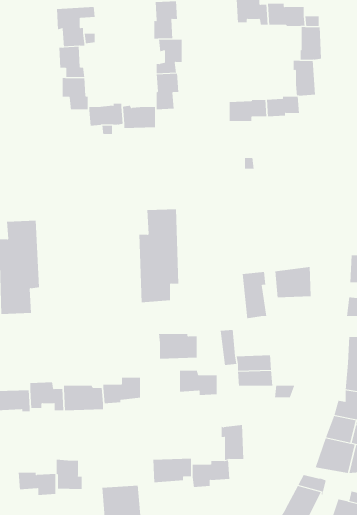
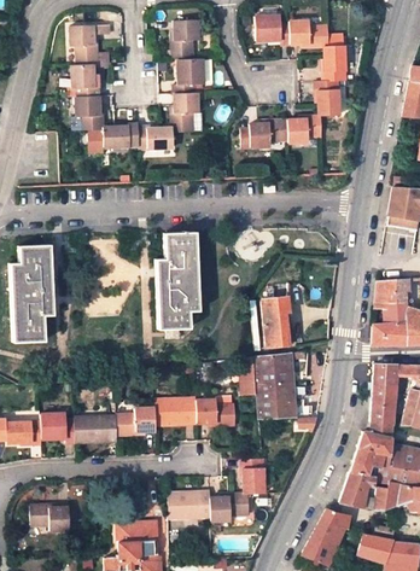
building: [274,266,312,298] -> [255,354,293,386]
building: [158,334,197,359] -> [157,398,198,425]
building: [56,459,82,490] -> none

